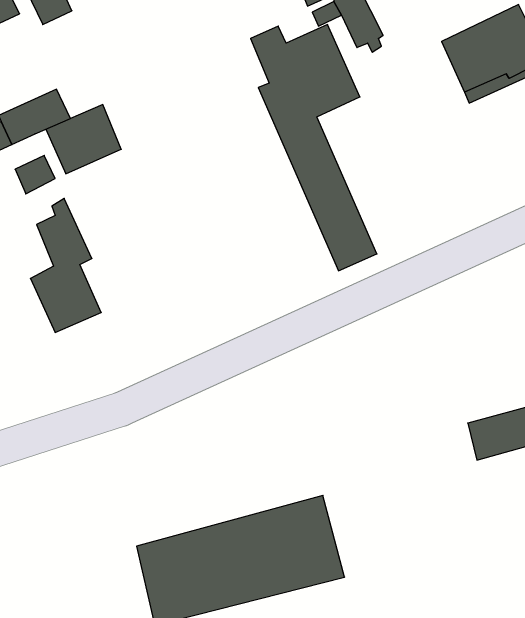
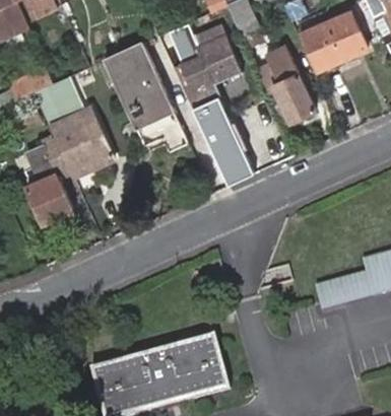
building: none -> [255,45,315,120]
building: none -> [107,46,186,148]
building: none -> [49,106,114,172]

